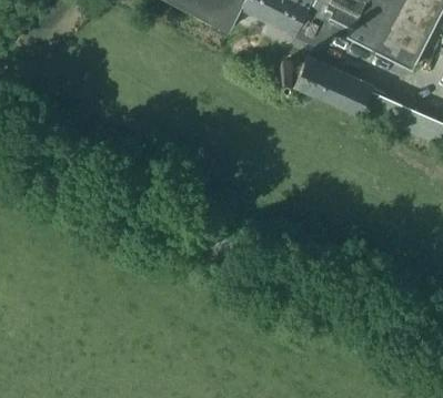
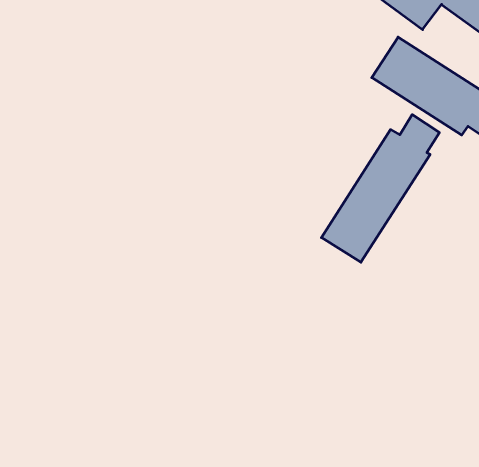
building: none -> [321,115,439,262]

